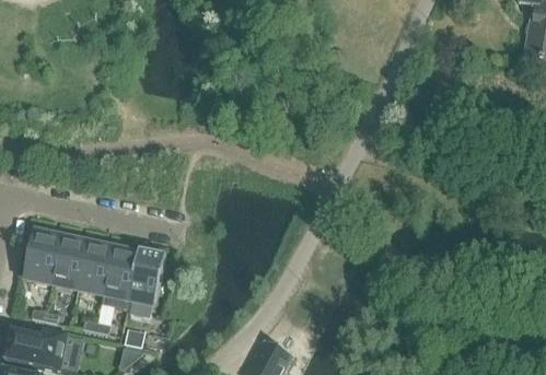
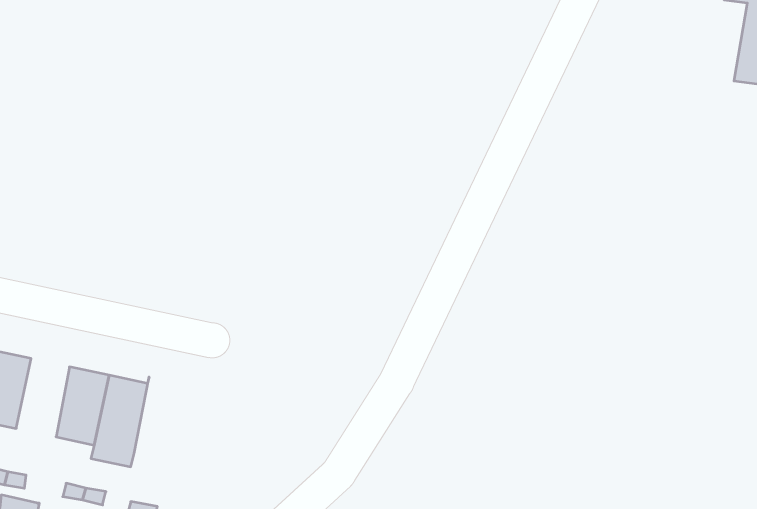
building: [53,237,88,289] -> none
building: [130,249,167,305] -> none

